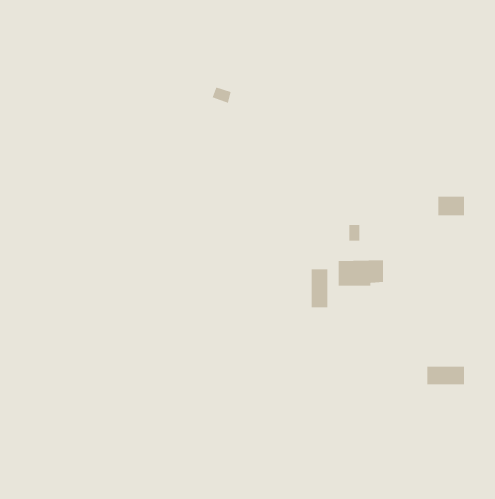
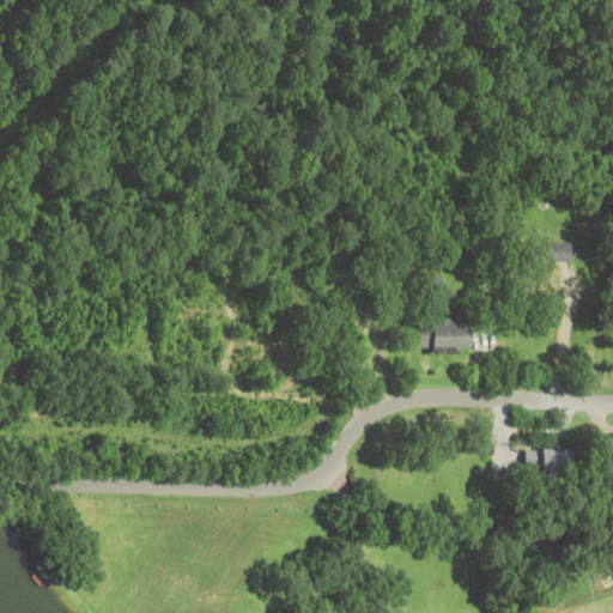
building: [311,268,328,308] -> none

